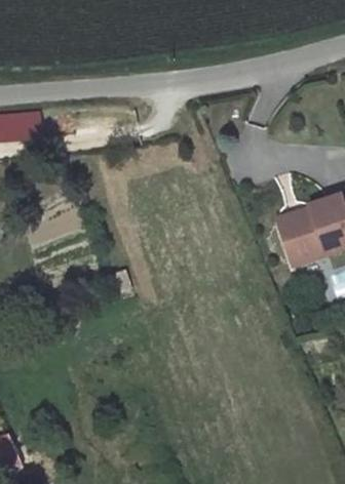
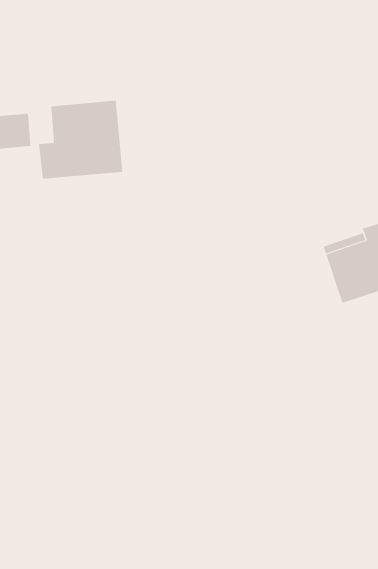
building: none -> [38,100,123,180]

